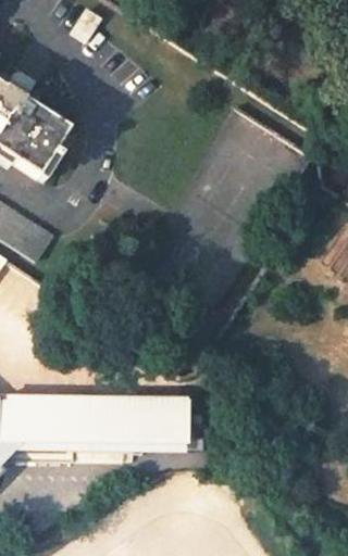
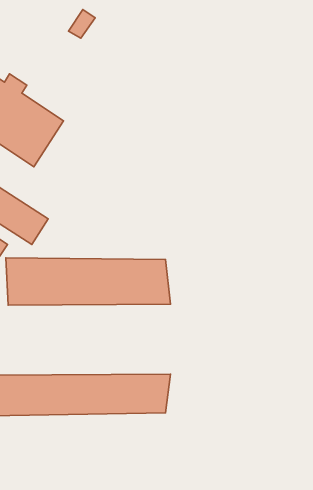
building: none -> [6,258,171,305]

